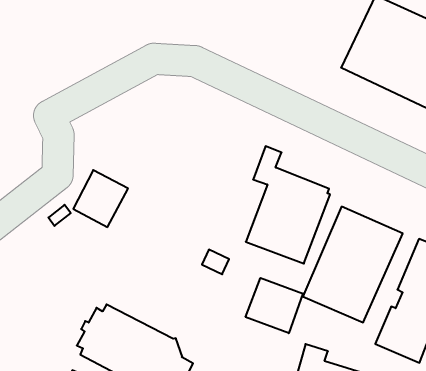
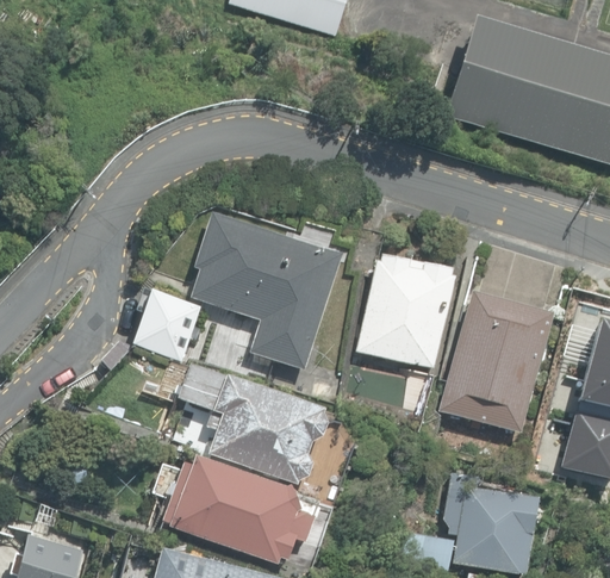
building: none -> [191,210,342,367]
building: none -> [179,365,328,484]
building: [246,278,303,333] -> none

